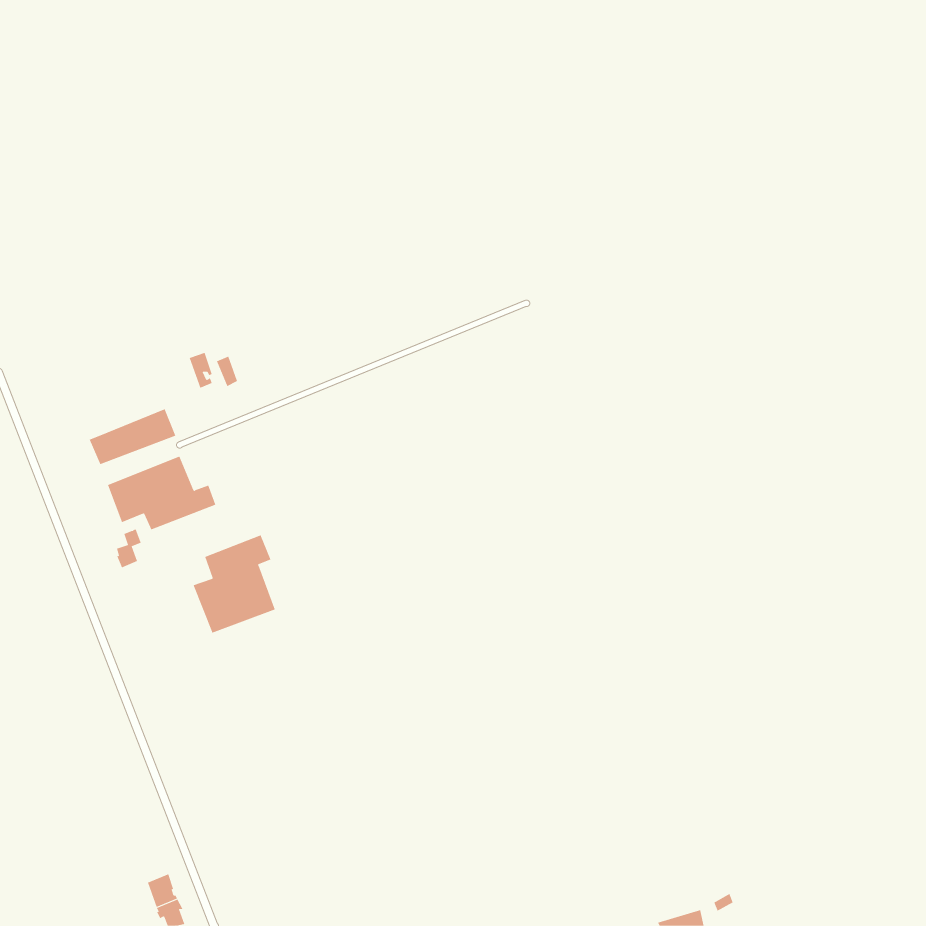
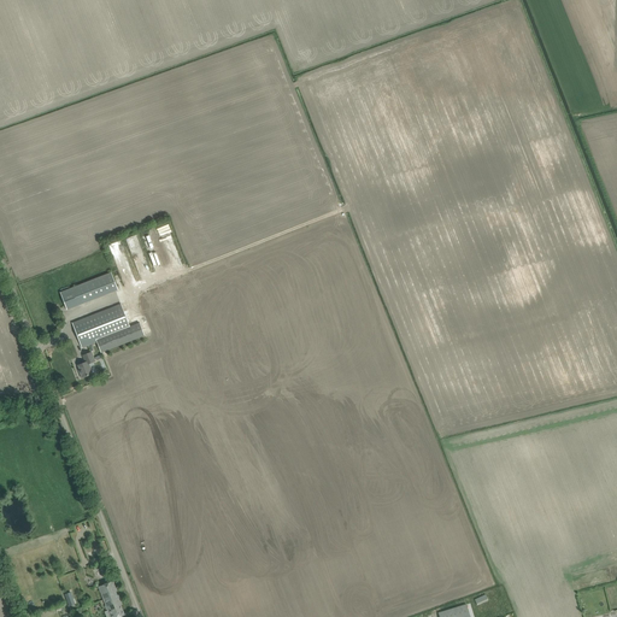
building: [193,535,275,634] -> none

